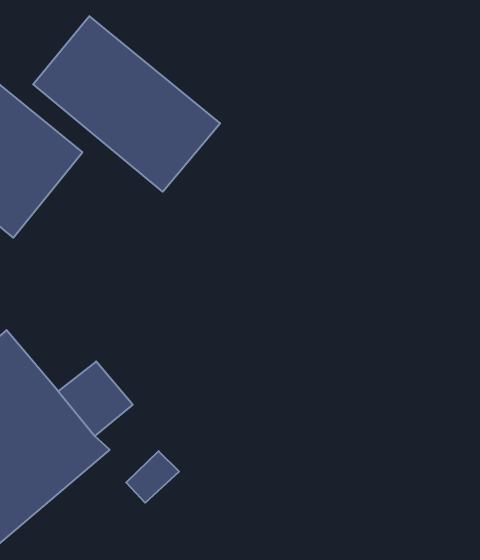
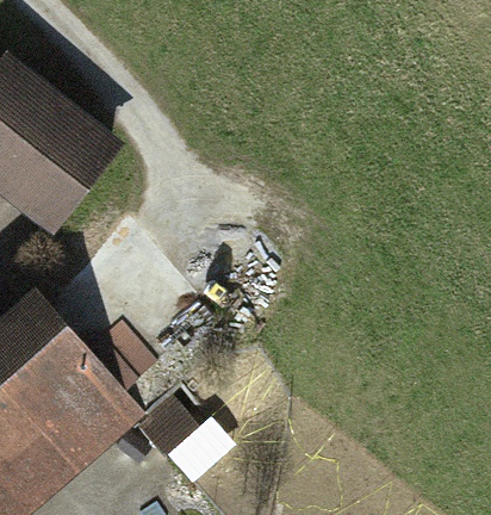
building: [33,16,220,192] -> none

